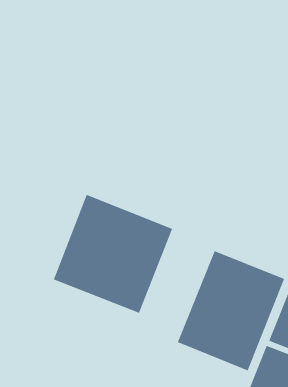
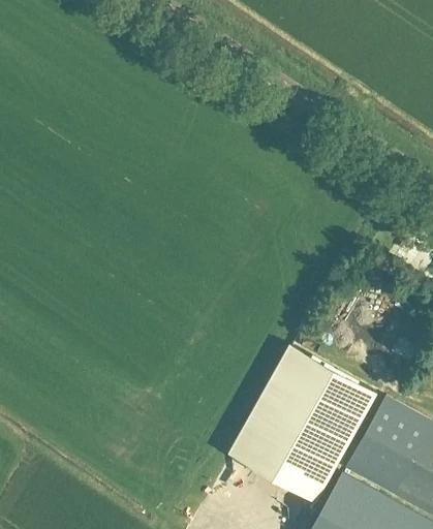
building: [53,194,173,314] -> none

